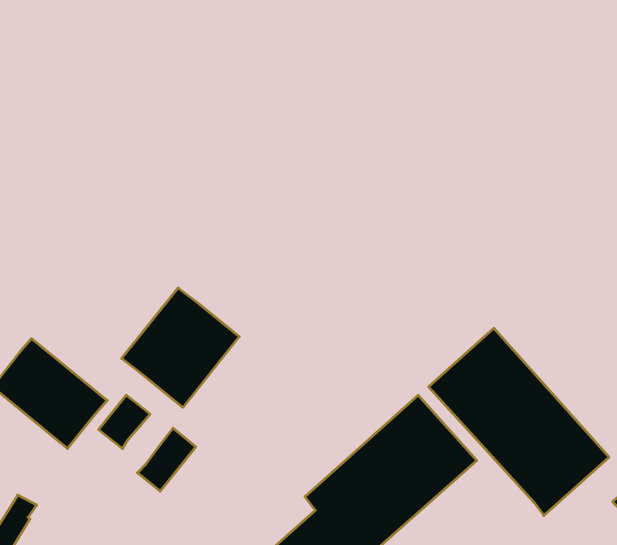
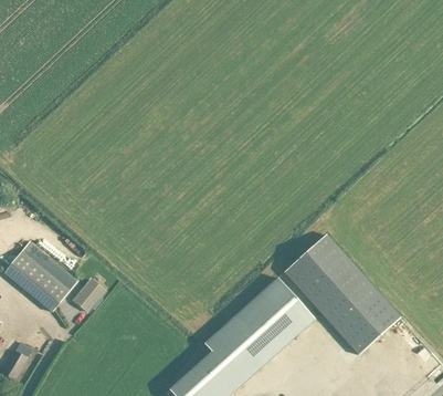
building: [122,288,239,407] -> none
building: [137,428,196,491] -> none

